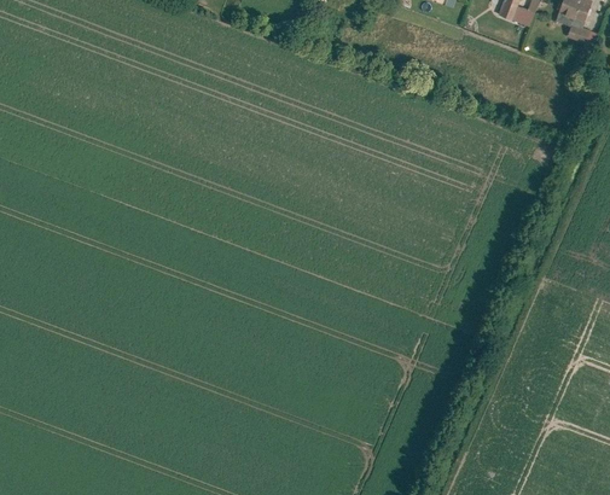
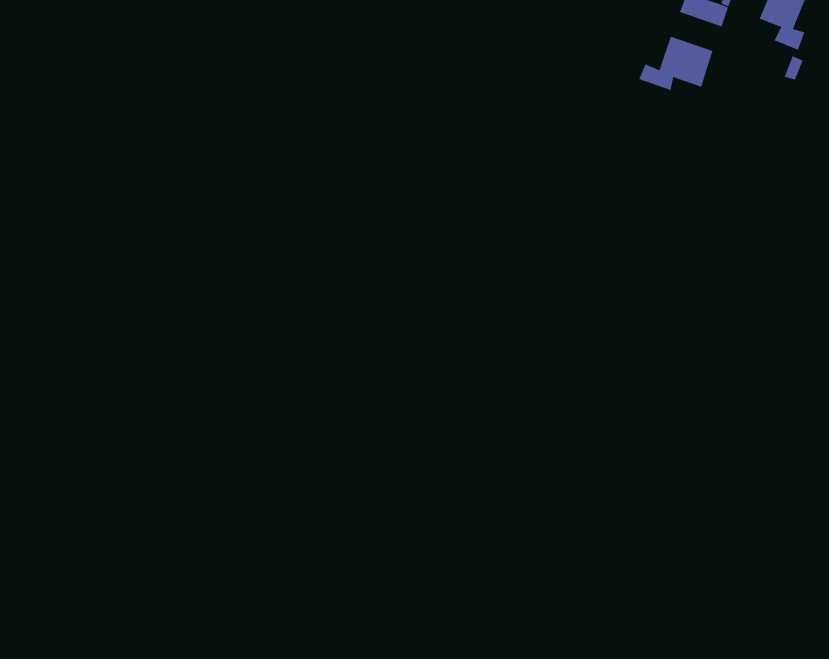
building: none -> [639,36,713,91]

